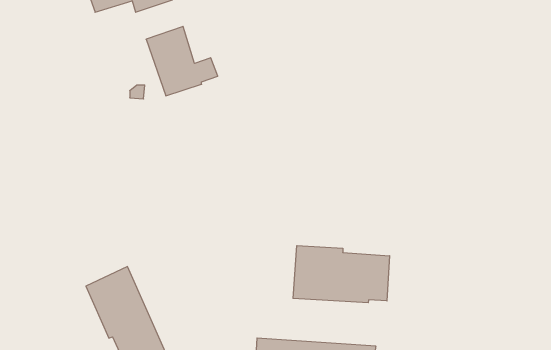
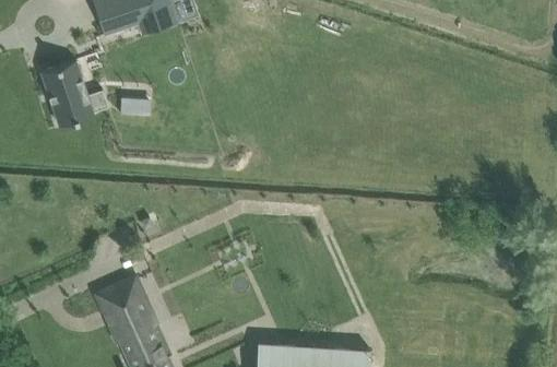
building: [146,26,218,96] -> [42,60,109,126]
building: [293,246,390,303] -> none

